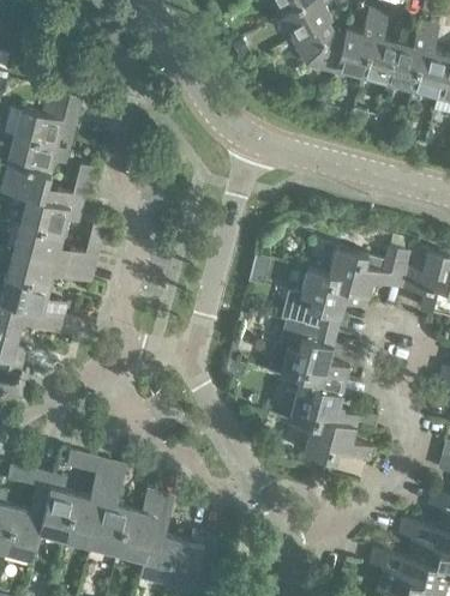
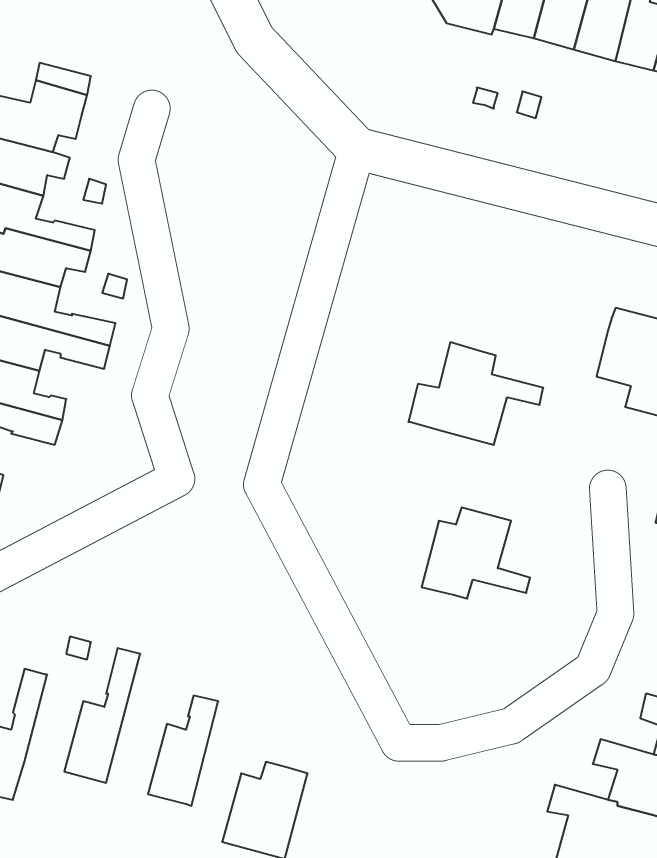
building: [328,246,409,296] -> none
building: [269,318,348,383] -> none
building: [299,417,371,476] -> none
building: [90,464,128,553] -> none
building: [38,477,76,538] -> none
building: [136,494,175,583] -> none

